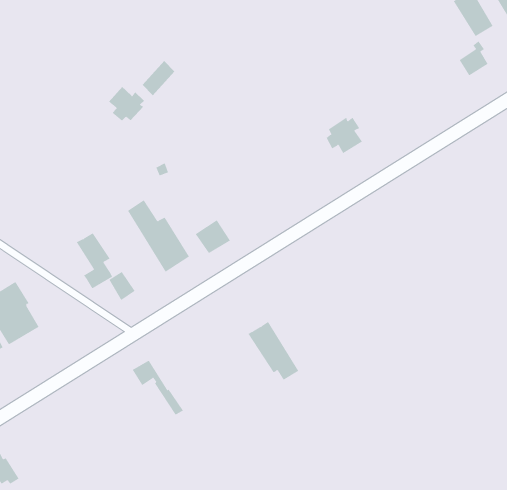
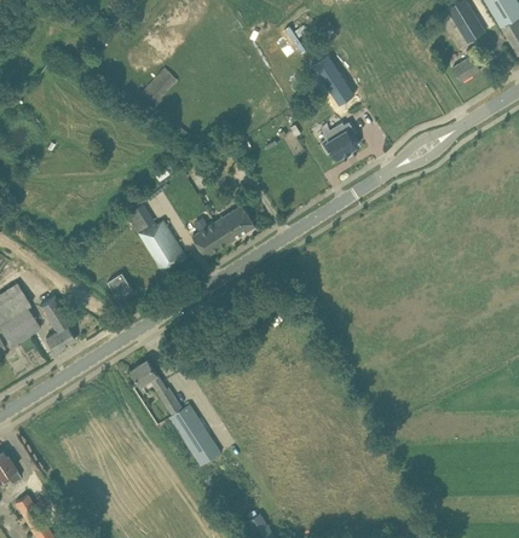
building: none -> [311,54,354,104]
building: [108,86,145,121] -> none
building: none -> [214,204,255,243]
building: [76,232,113,289] -> [38,296,74,352]
building: [247,321,299,381] -> [168,405,219,463]

